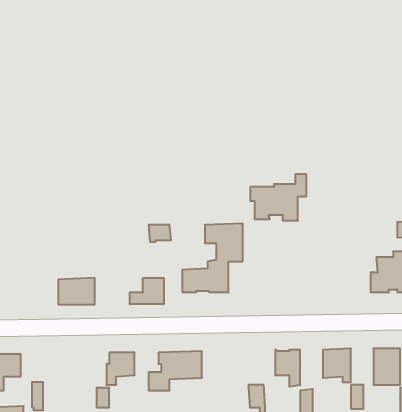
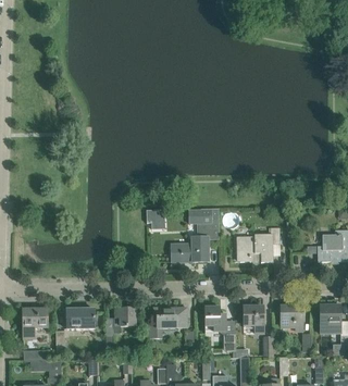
building: [250,174,306,221] -> [236,226,279,262]
building: [58,278,95,305] -> [66,308,95,328]
building: [130,278,164,304] -> none
building: none -> [204,307,226,331]

